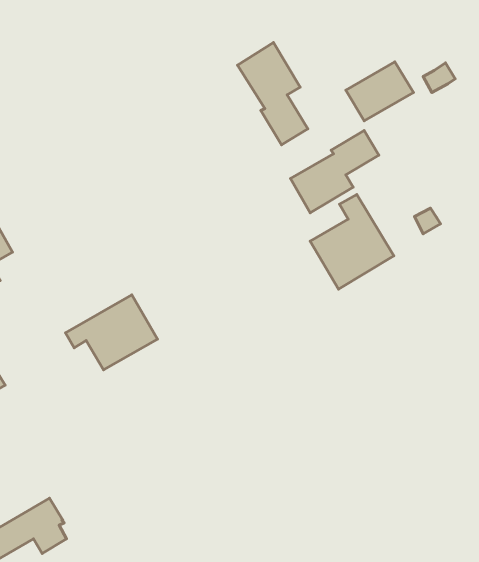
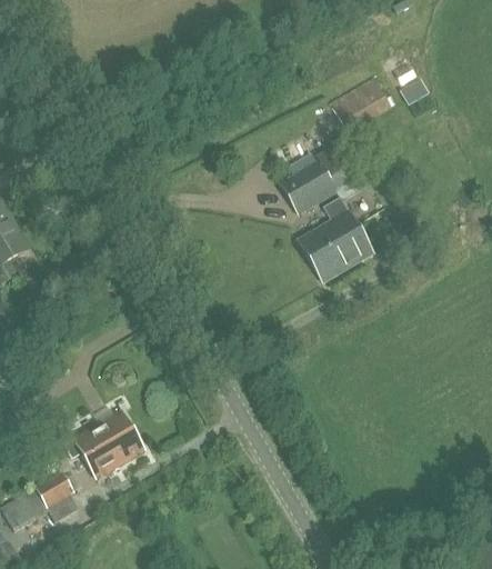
building: [238,43,308,145] -> none
building: [65,295,158,370] -> [61,410,144,478]

